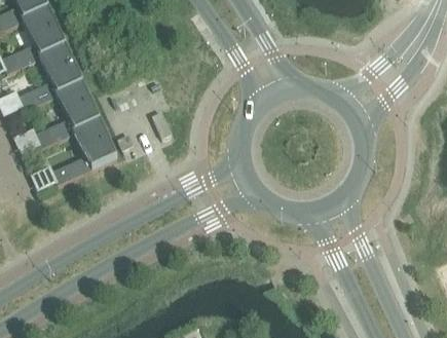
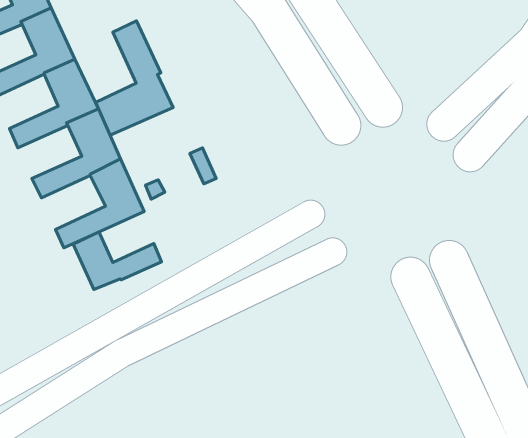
building: none -> [96,21,173,135]
building: none -> [73,232,161,289]

